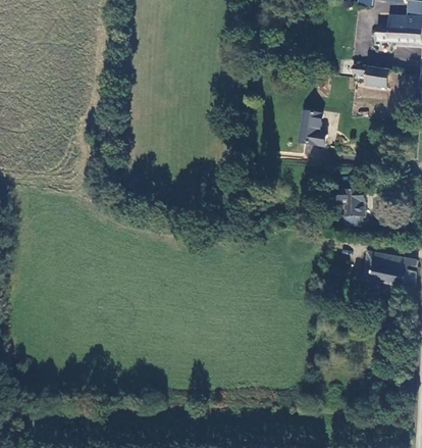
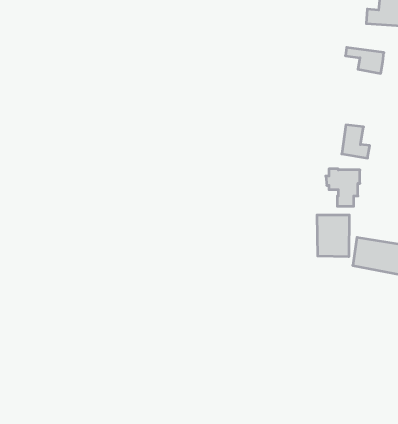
building: [299,114,326,147] -> [342,125,370,158]
building: none -> [317,215,349,257]

